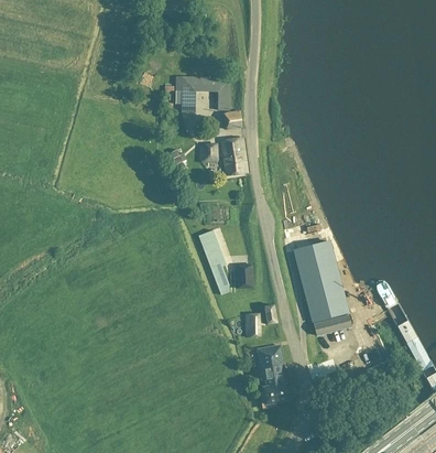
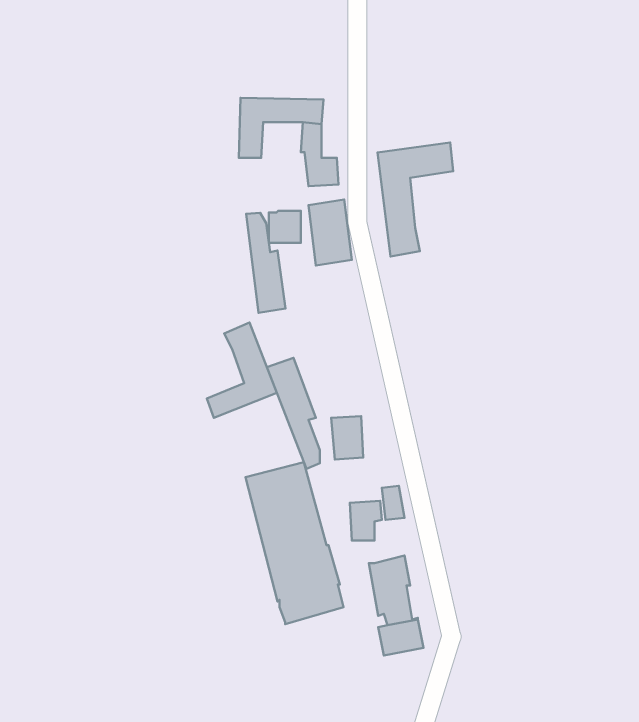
building: none -> [378,143,453,257]
building: none -> [246,213,286,313]
building: none -> [207,322,277,418]
building: [293,239,350,334] -> [246,462,344,624]

